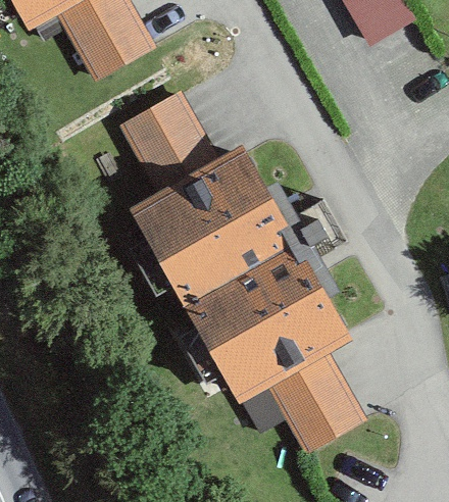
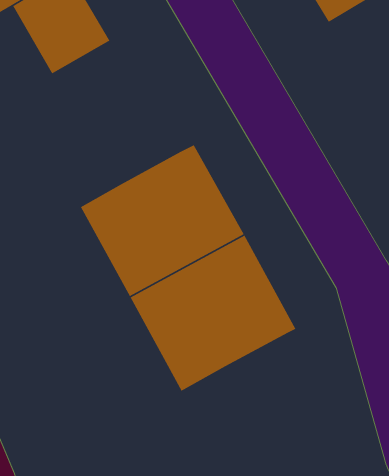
building: [128,89,228,193] -> none
building: [275,346,377,449] -> none

